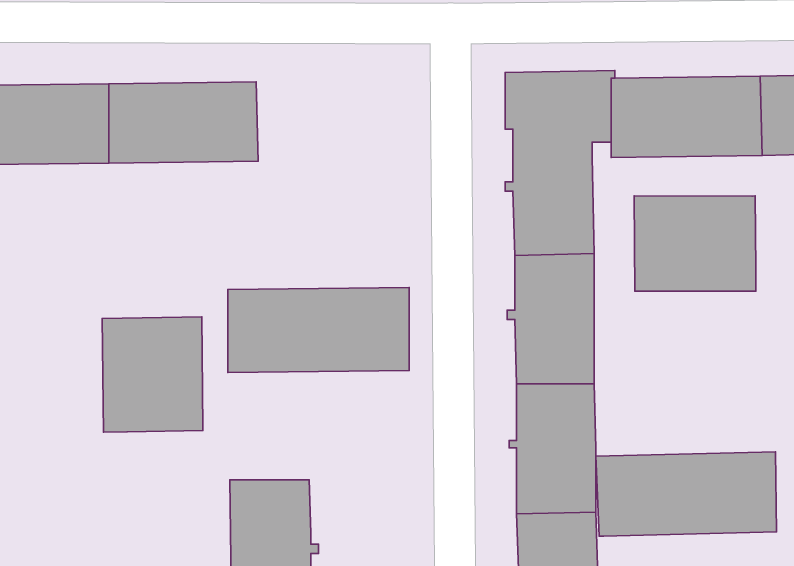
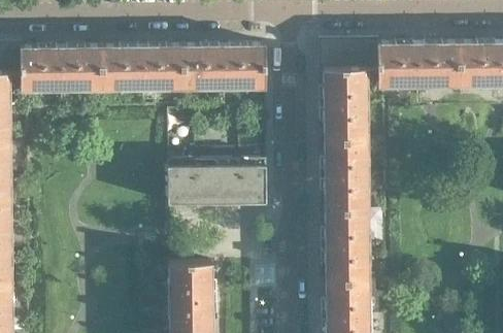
building: none -> [183,46,266,91]
building: [634,196,756,291] -> none
building: [102,317,203,432] -> none
building: [596,452,776,536] -> none

